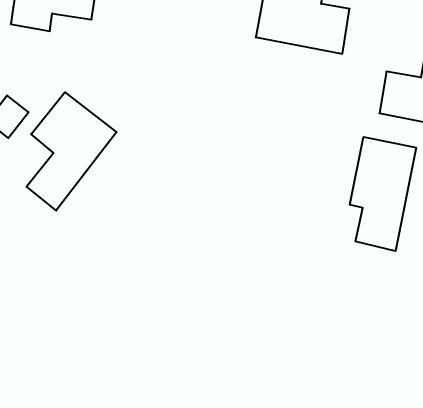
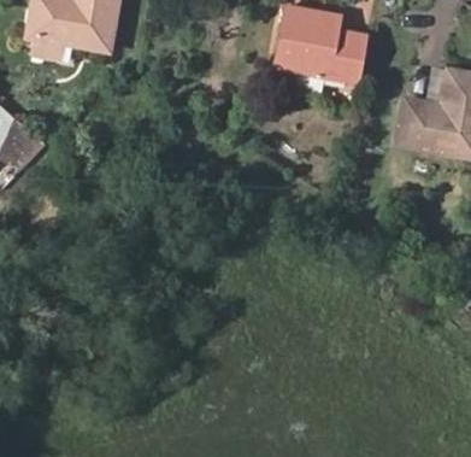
building: [27,92,117,211] -> none
building: [350,137,416,251] -> none

